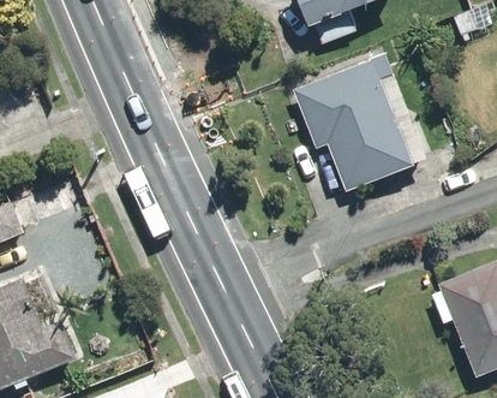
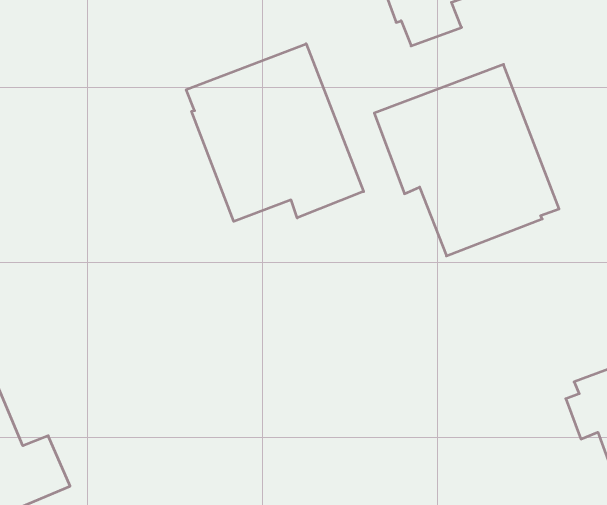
building: none -> [186,44,364,221]

